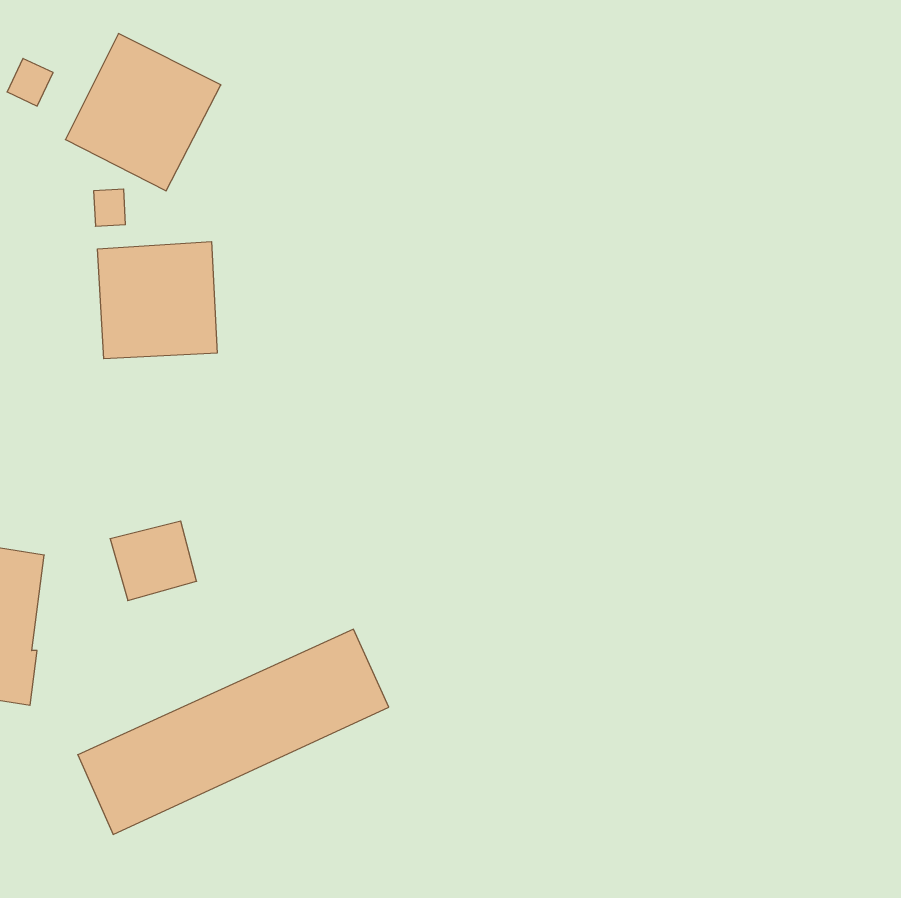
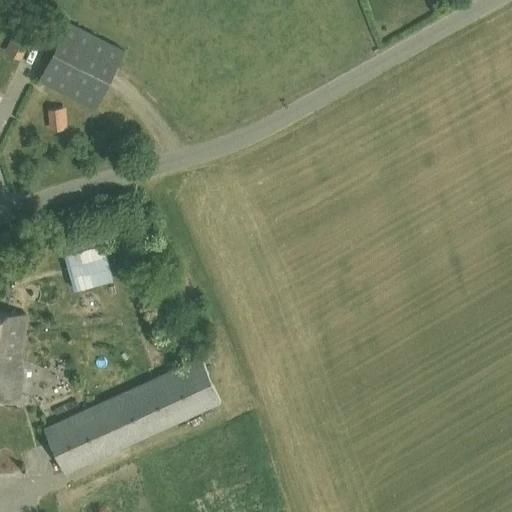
building: [98,242,217,359] -> none
building: [110,521,197,601] -> [63,247,112,292]

